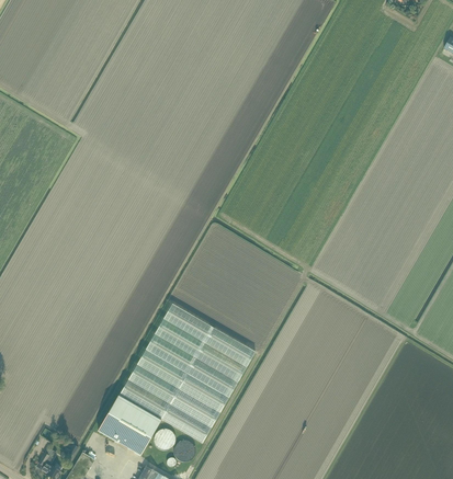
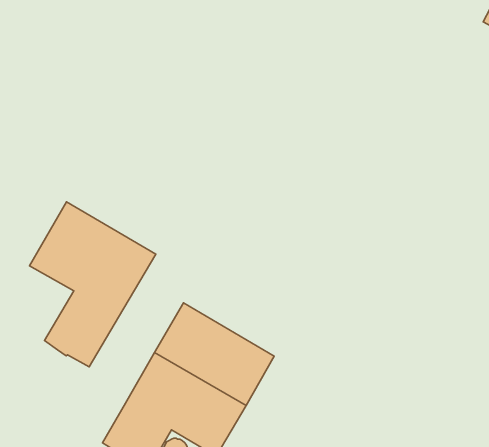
building: none -> [30,202,156,367]

